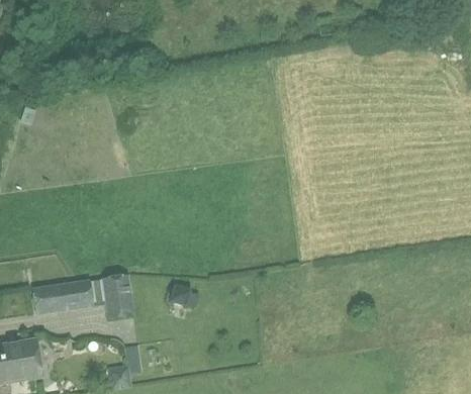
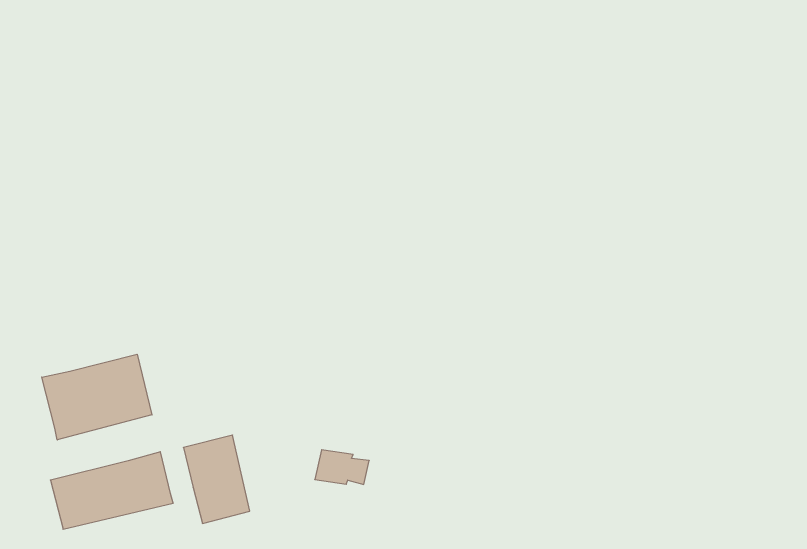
building: none -> [42,354,152,440]

